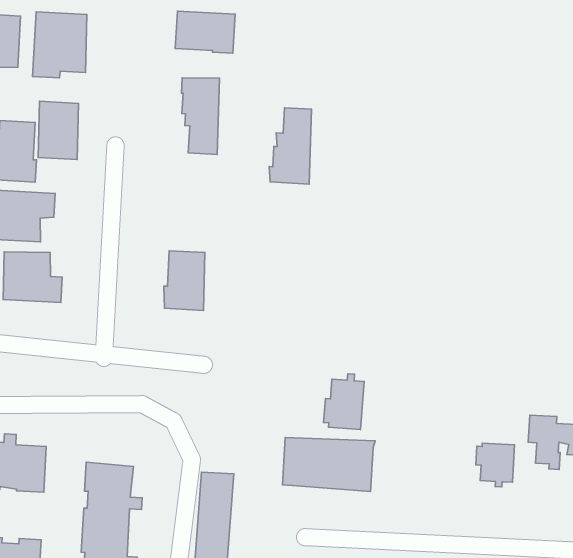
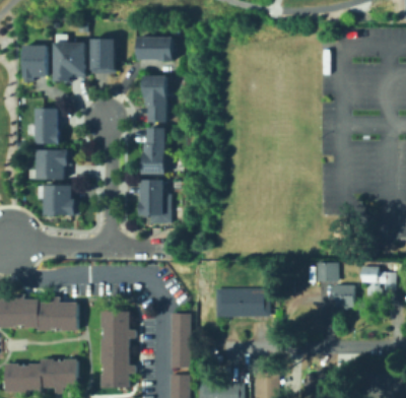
building: [38,101,79,160] -> [91,41,116,74]
building: [269,108,312,184] -> [142,130,166,175]
building: [324,374,364,430] -> none
building: none -> [317,264,339,283]

